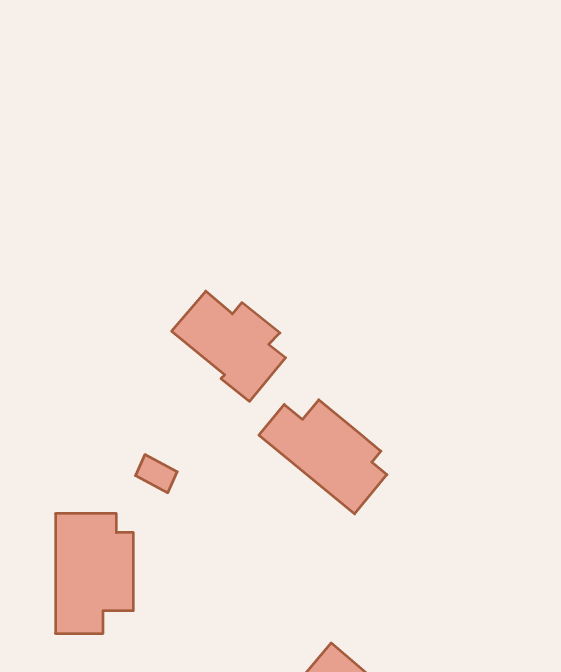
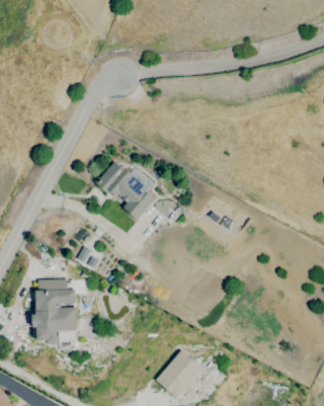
building: [259,400,387,514] -> none

